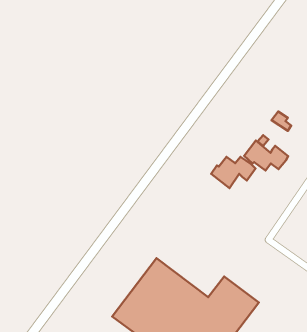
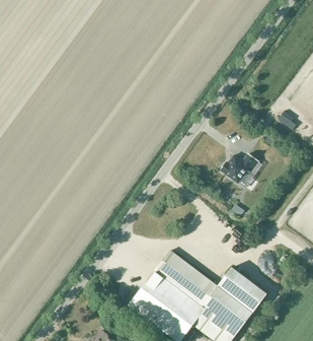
building: [244,141,288,171] -> none

